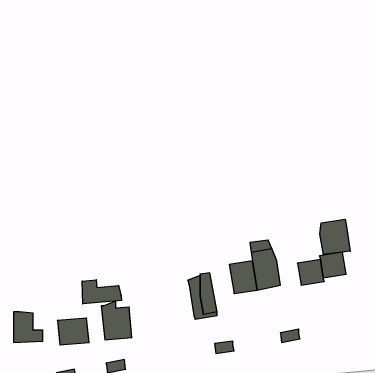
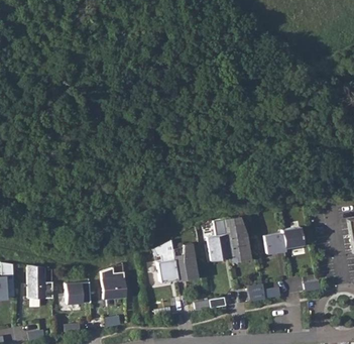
building: [320,219,350,255] -> none
building: [82,280,121,304] -> none
building: none -> [156,252,176,280]

